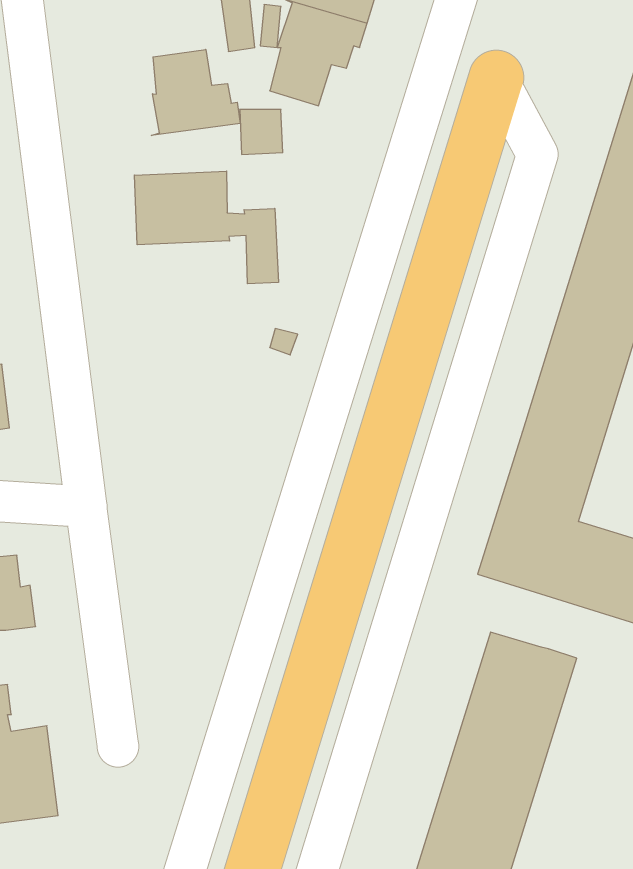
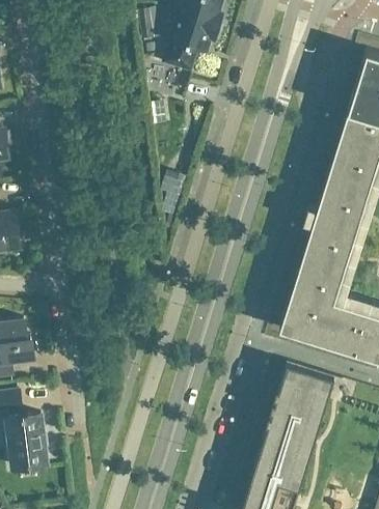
building: [151,49,240,135] -> none
building: [134,171,278,284] -> none

